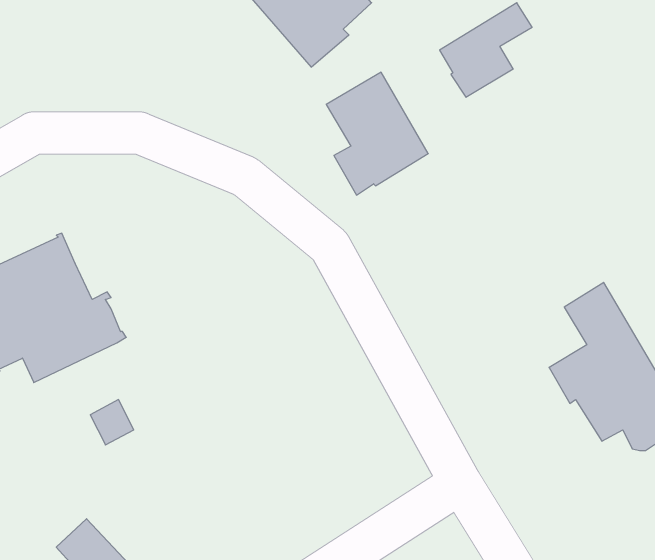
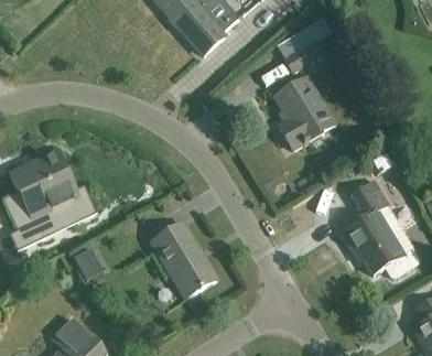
building: [326,72,428,195] -> [274,78,334,150]
building: none -> [151,223,217,299]

